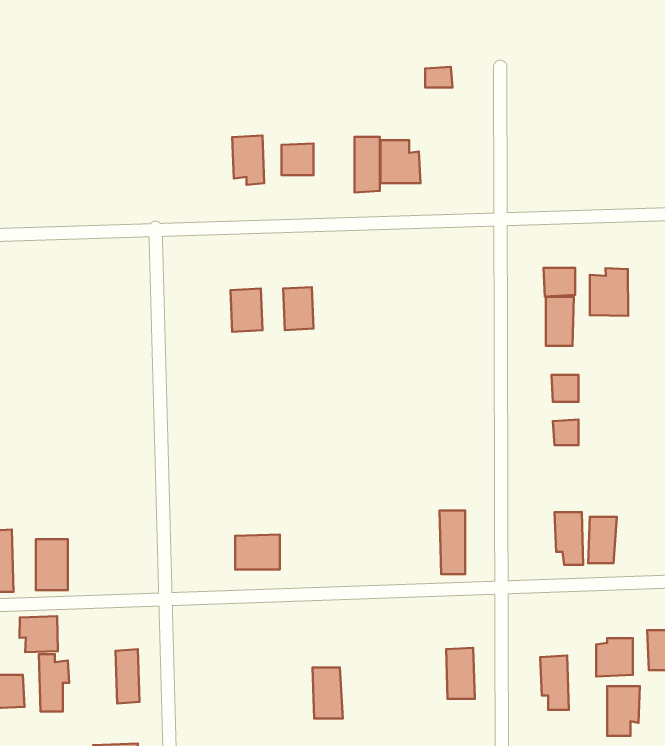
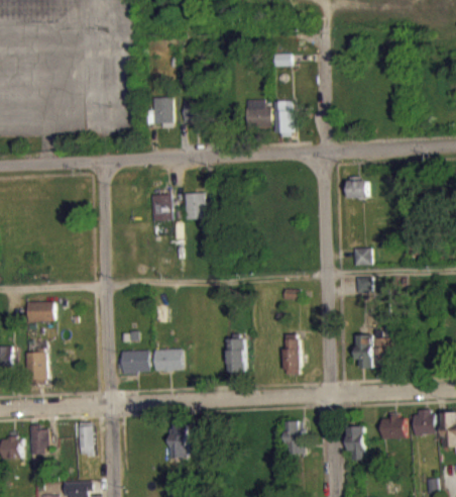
building: [354,137,380,193] -> [274,101,291,136]
building: [590,268,628,316] -> none
building: [546,297,574,346] -> none
building: none -> [27,302,54,322]
building: none -> [226,339,245,375]
building: none -> [121,351,149,374]
building: [20,616,58,652] -> none
building: [313,667,343,718] -> [167,426,187,459]
building: [607,686,640,736] -> none

